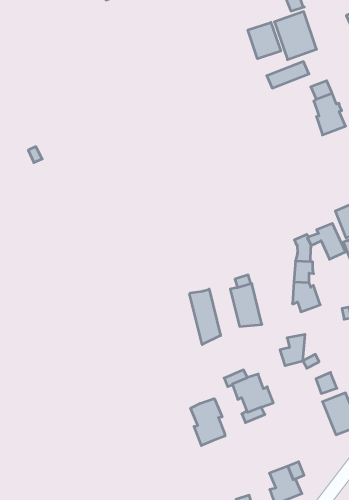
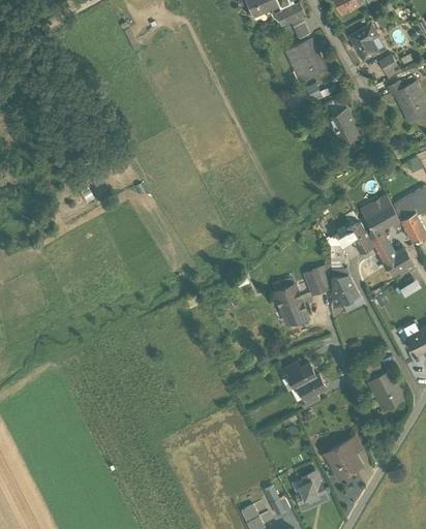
building: [248,22,281,59] -> none
building: [190,289,221,345] -> none
building: [280,334,305,366] -> [306,266,328,295]
building: [191,399,225,446] -> none

